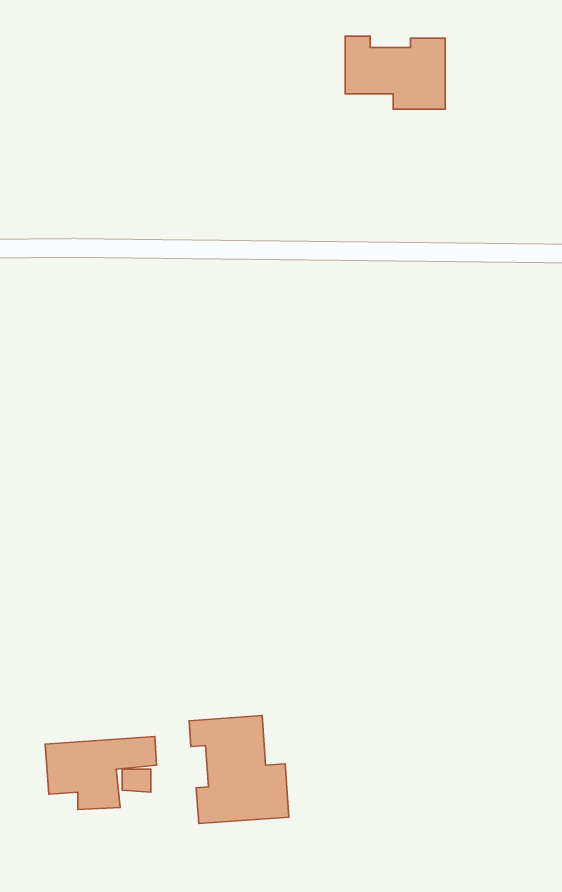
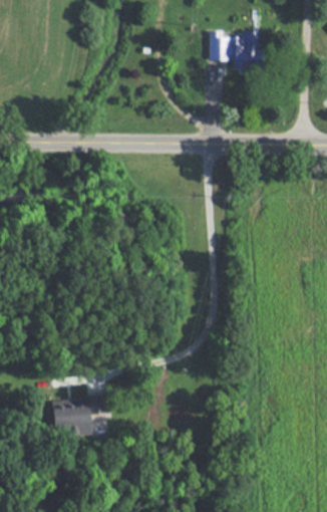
building: [189,716,289,823] -> none

